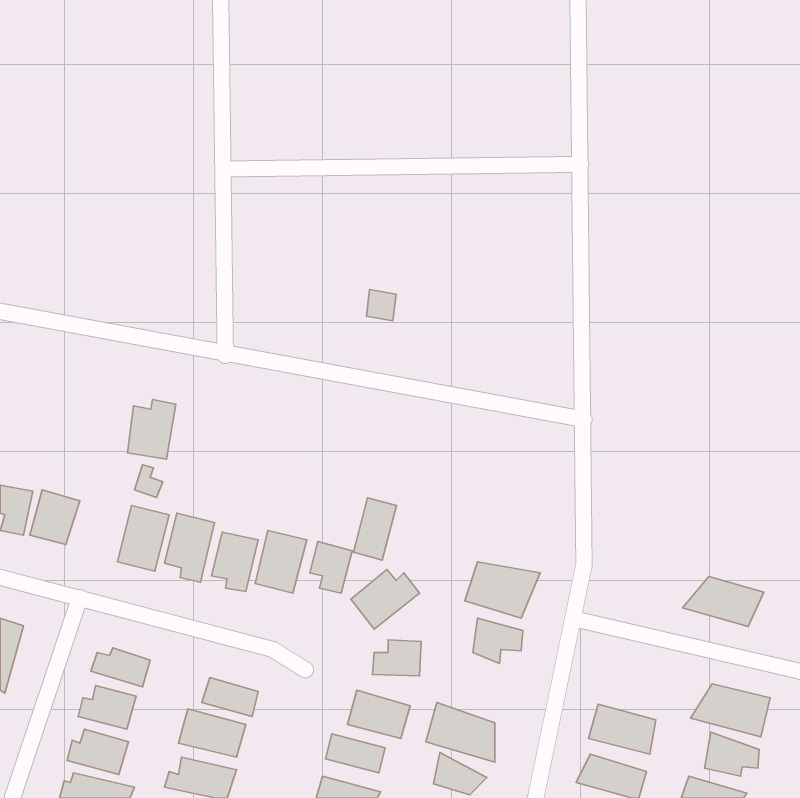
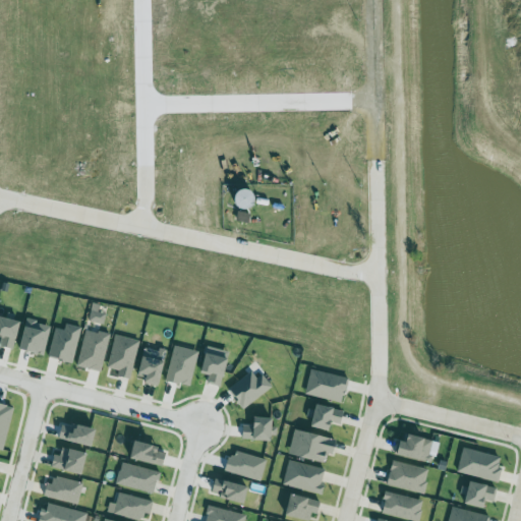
building: [127,400,176,459] -> [49,323,80,361]
building: [353,498,396,560] -> none
building: [682,576,764,627] -> [387,430,440,463]
building: none -> [282,427,332,462]

